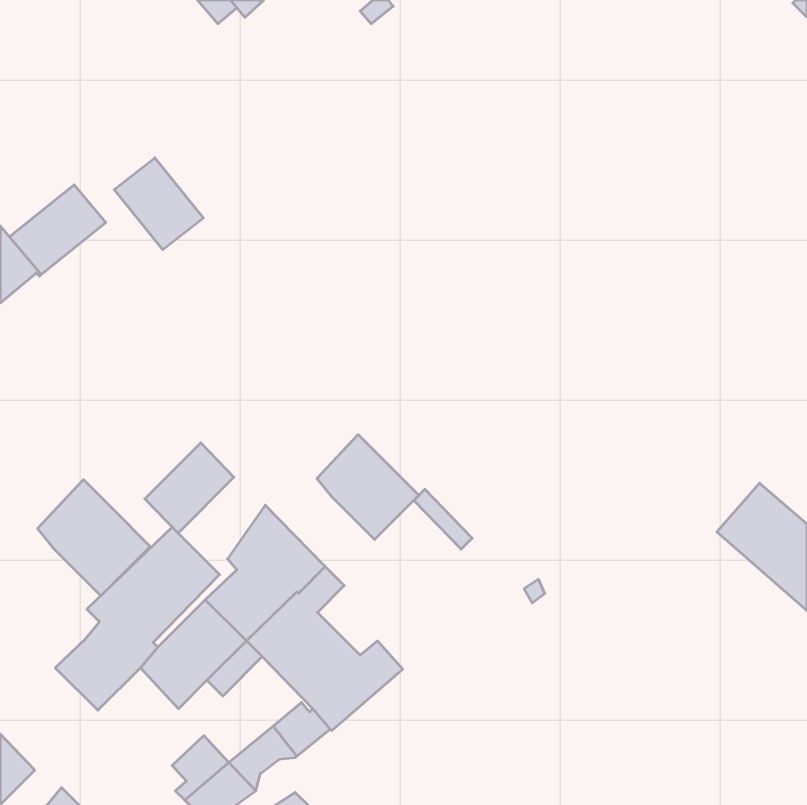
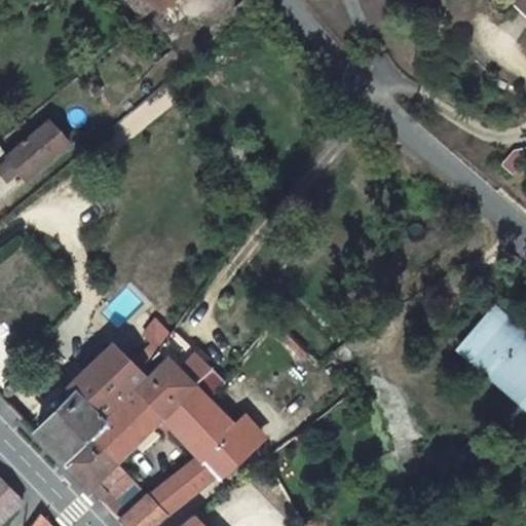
building: [114,158,203,250] -> none
building: [317,435,419,540] -> none
building: [145,443,234,533] -> none
building: [38,480,150,596] -> none
building: none -> [64,436,126,501]

